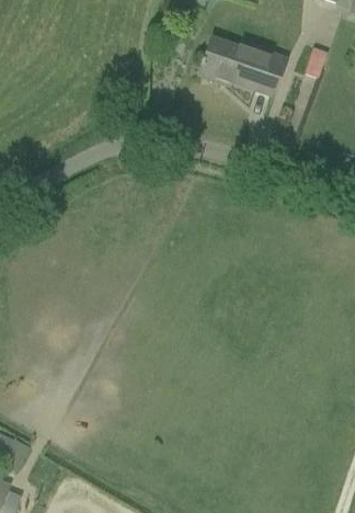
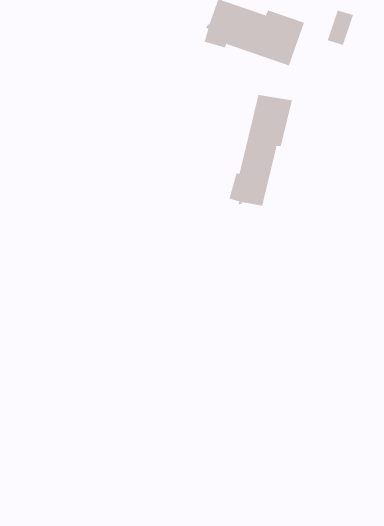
building: none -> [229,94,292,206]

